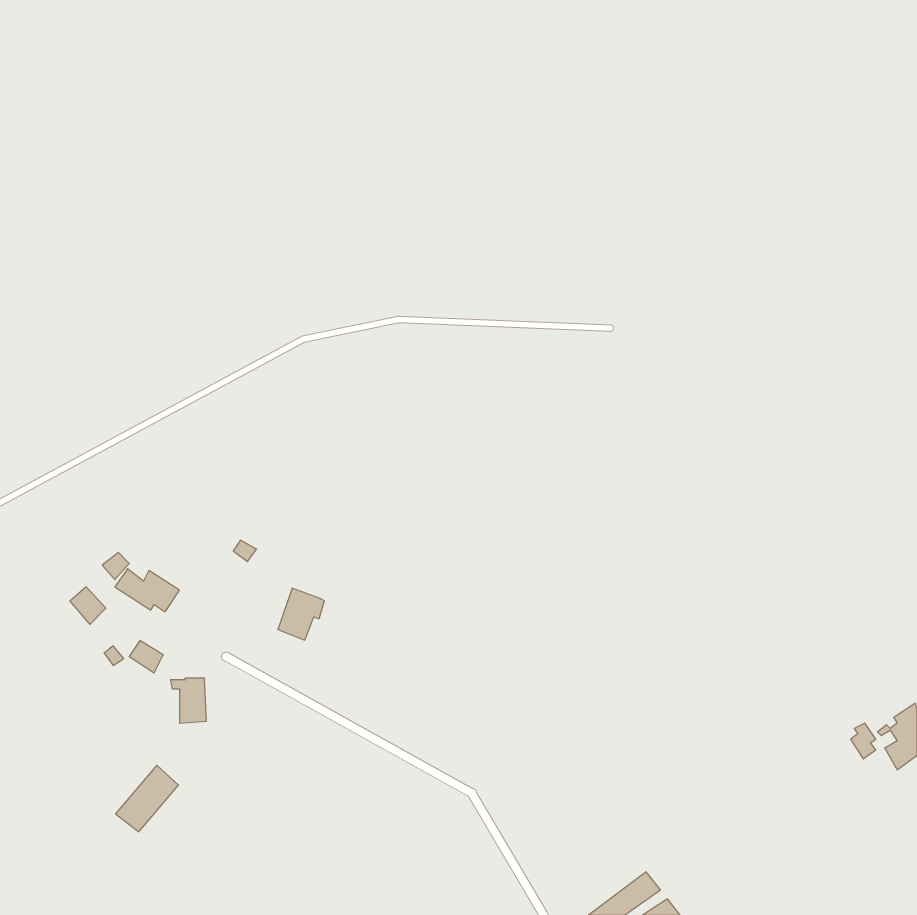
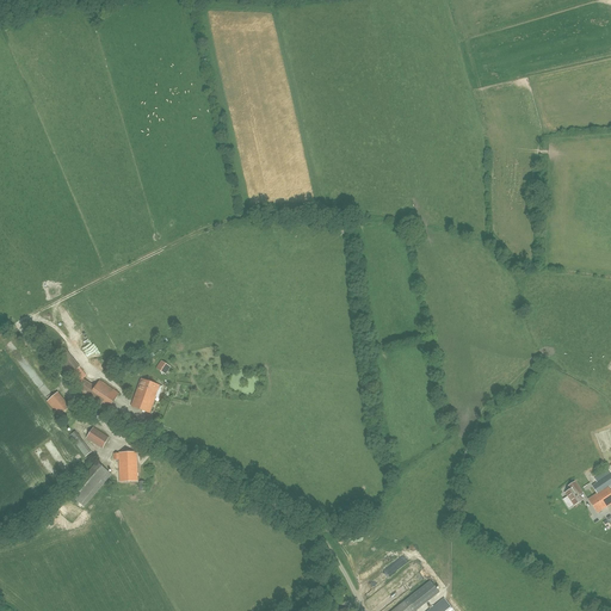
building: [278,588,324,640] -> [131,377,162,412]
building: [116,765,178,832] -> [69,461,111,505]

